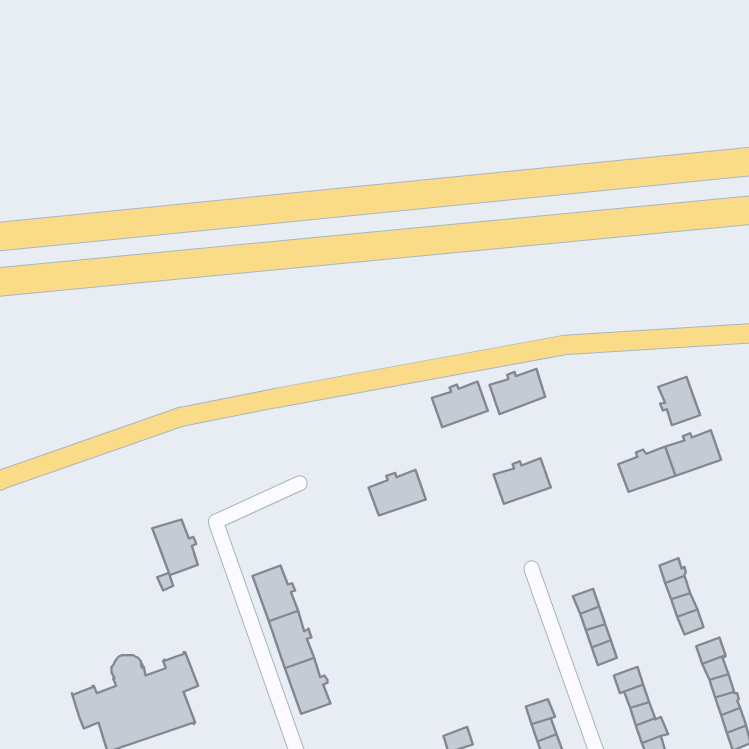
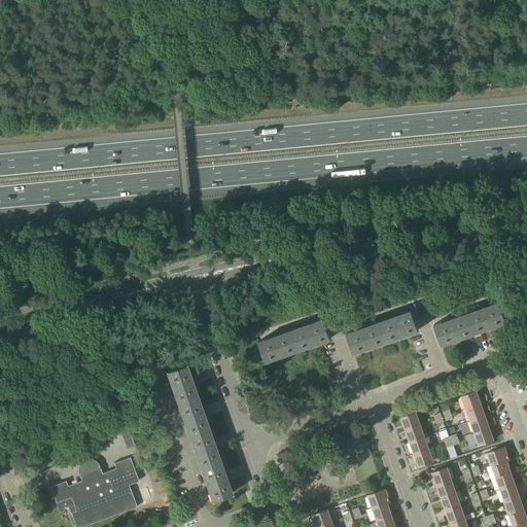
building: [489,369,545,414] -> [380,311,419,343]
building: [658,377,700,425] -> none
building: [432,382,488,427] -> [292,319,331,351]
building: [152,519,198,575] -> [166,365,198,405]

